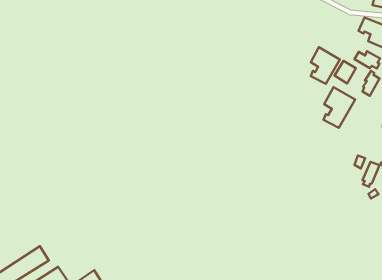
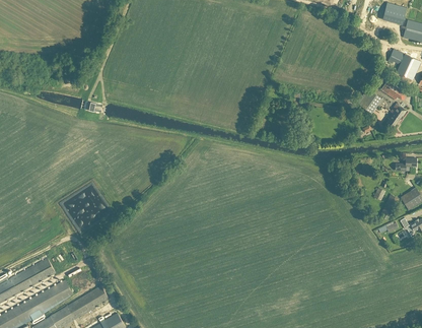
building: [311,47,340,84] -> none
building: [323,87,355,128] -> none

